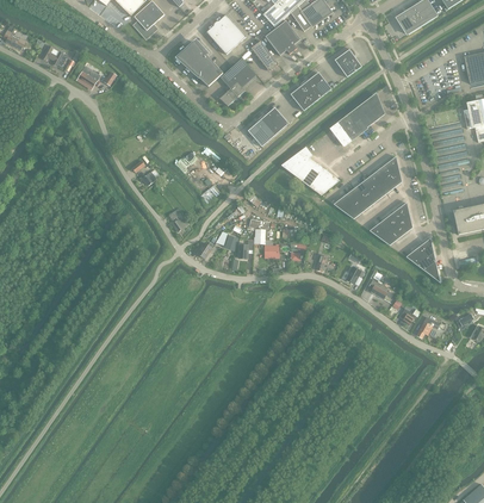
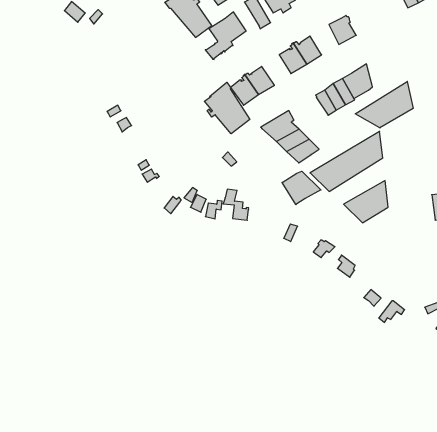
building: none -> [355,81,413,128]
building: none -> [204,82,250,134]
building: none -> [282,171,321,205]
building: [405,237,440,281] -> none

